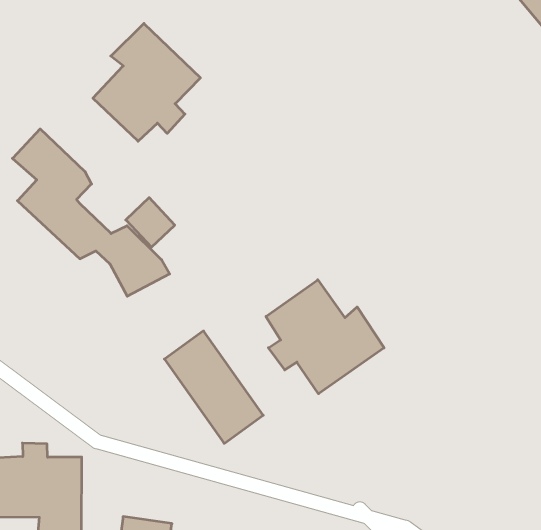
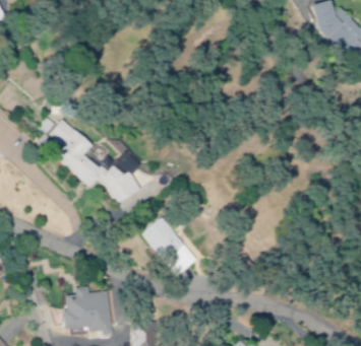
building: [93,23,200,141] -> none
building: [266,280,384,394] -> none

